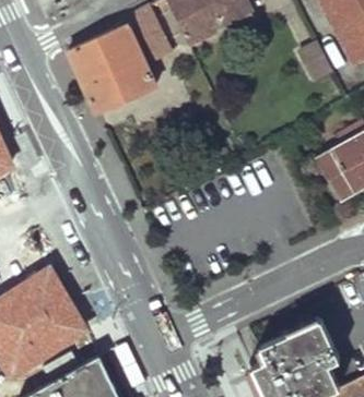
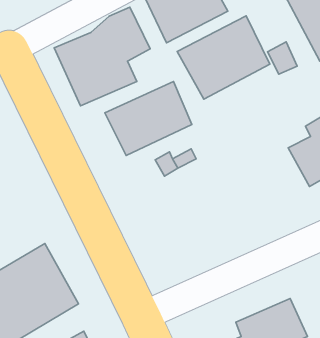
building: none -> [177,16,270,99]
building: none -> [105,81,192,155]

